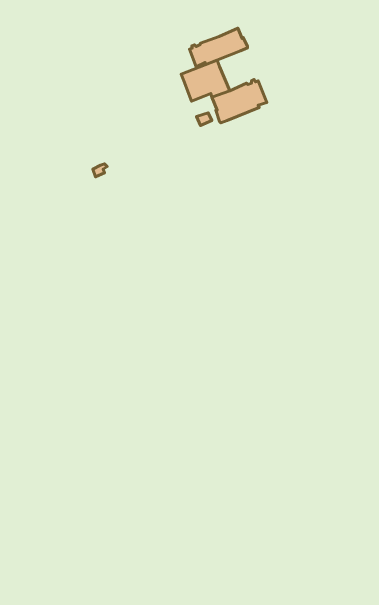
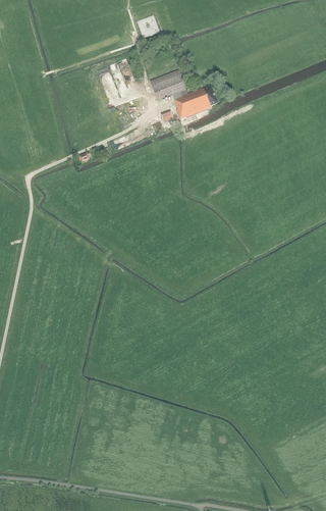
building: [189,28,248,67] -> none

